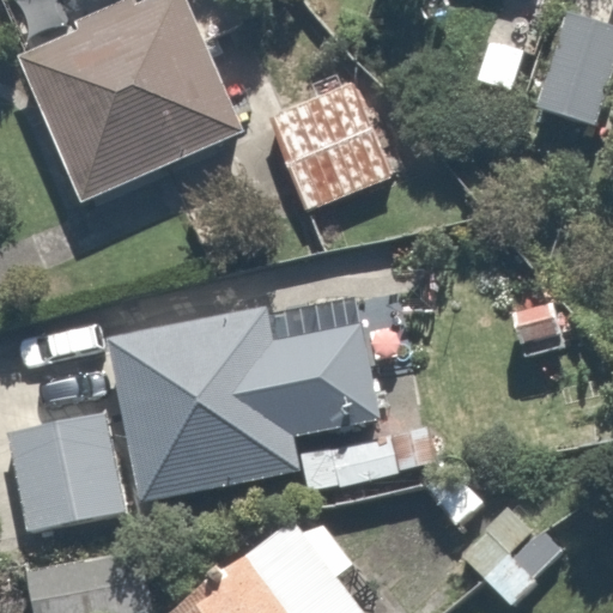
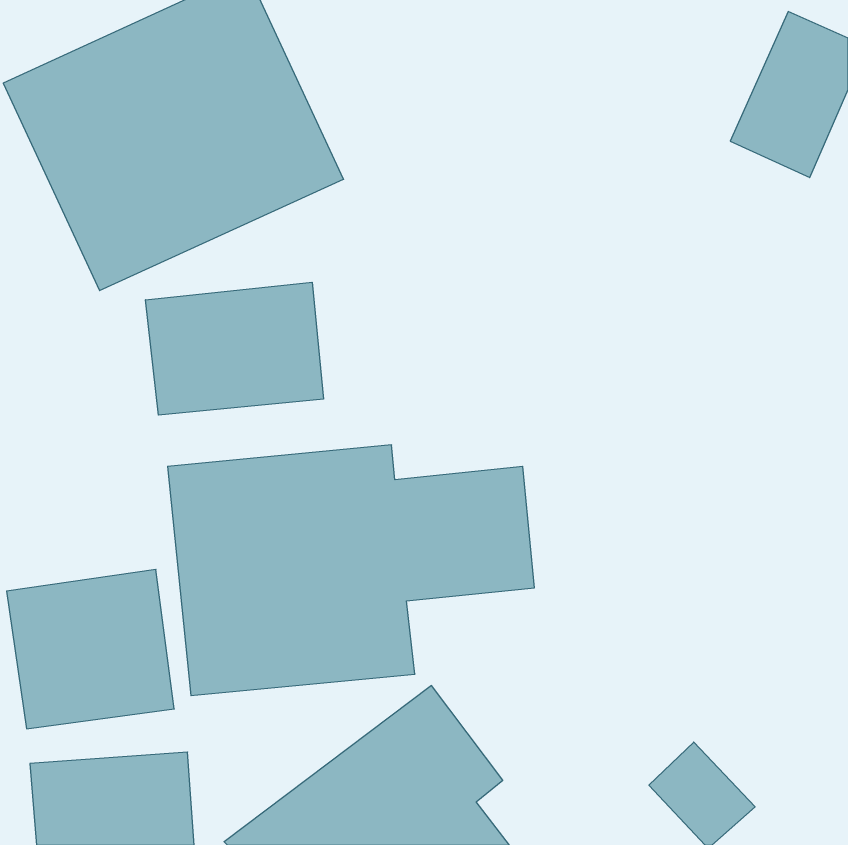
building: [263,71,403,229] -> none
building: none -> [146,282,323,415]

